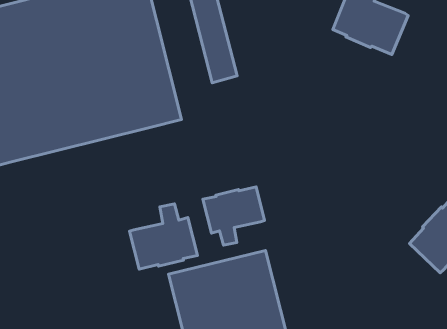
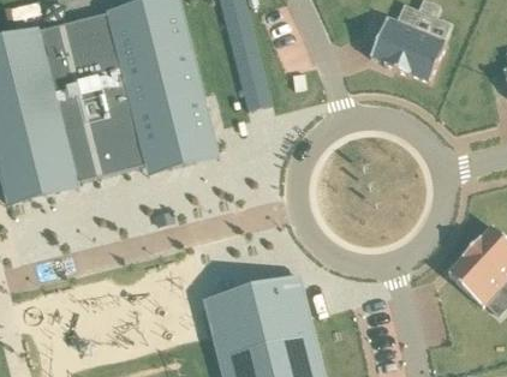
building: [203,187,265,245] -> none
building: [129,204,198,269] -> none

